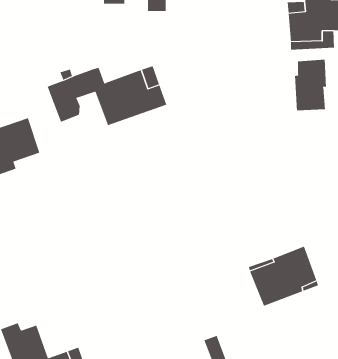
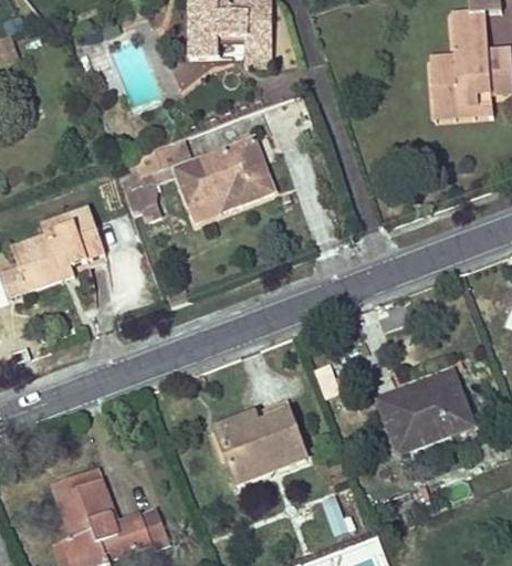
building: [294,59,327,111] -> none
building: none -> [216,403,305,484]

